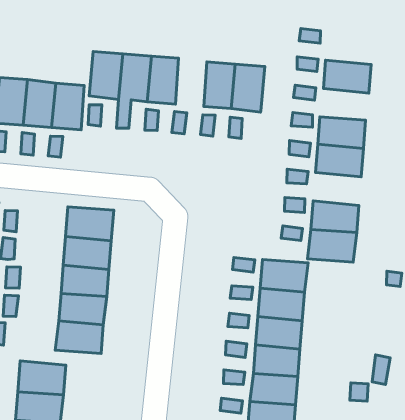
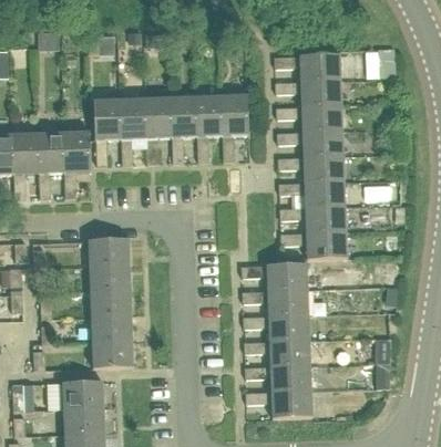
building: none -> [299,53,341,81]
building: none -> [170,95,197,136]
building: none -> [301,105,342,132]
building: none -> [304,180,346,207]

